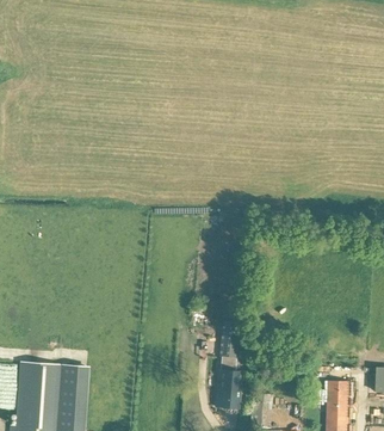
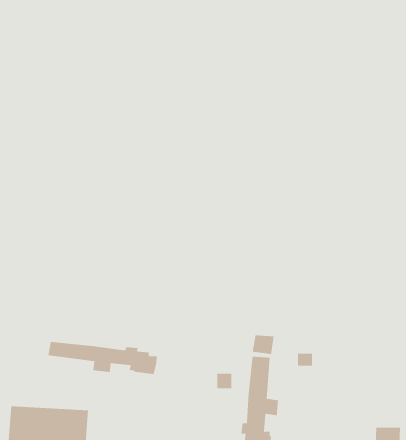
building: none -> [48,341,158,375]

